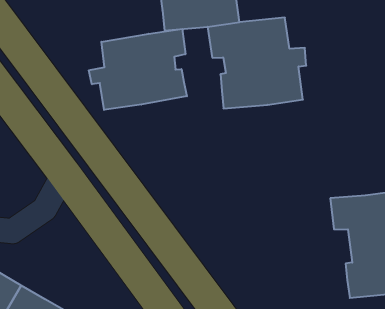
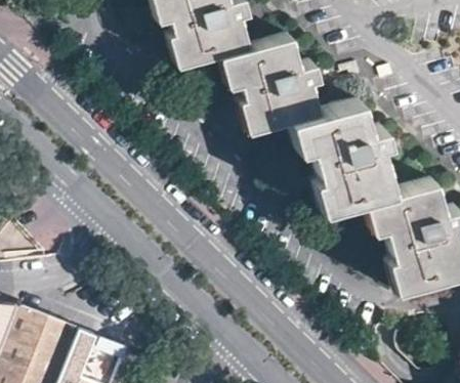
building: [89,29,187,110] -> none
building: none -> [290,102,396,213]

